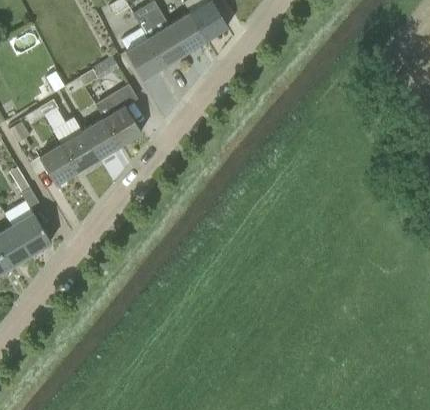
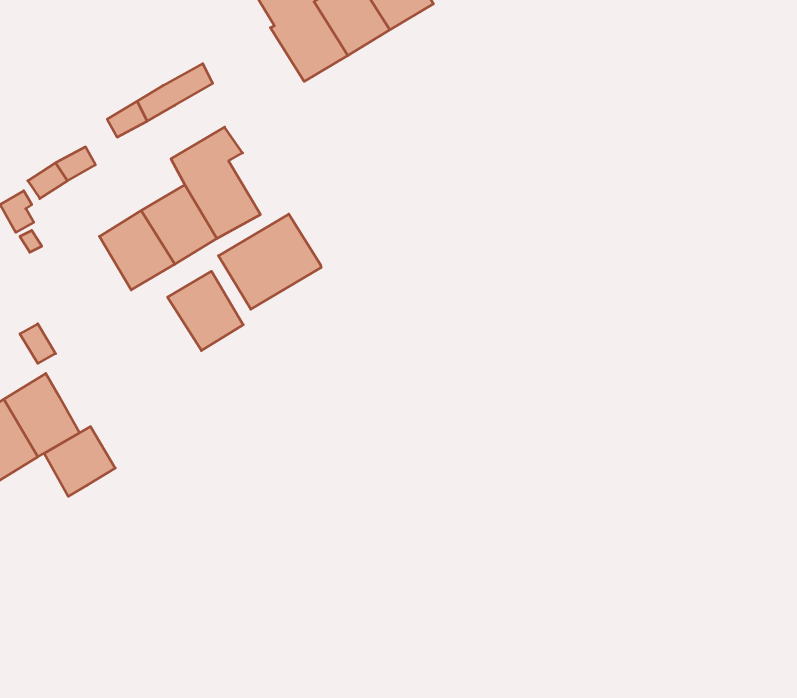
building: [125,40,163,80] -> none
building: none -> [218,214,321,309]
building: [38,145,76,185] -> [168,271,243,351]
building: none -> [44,427,115,496]

